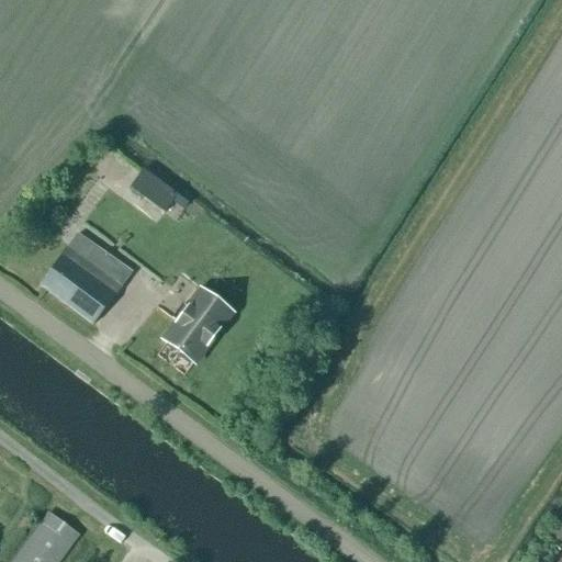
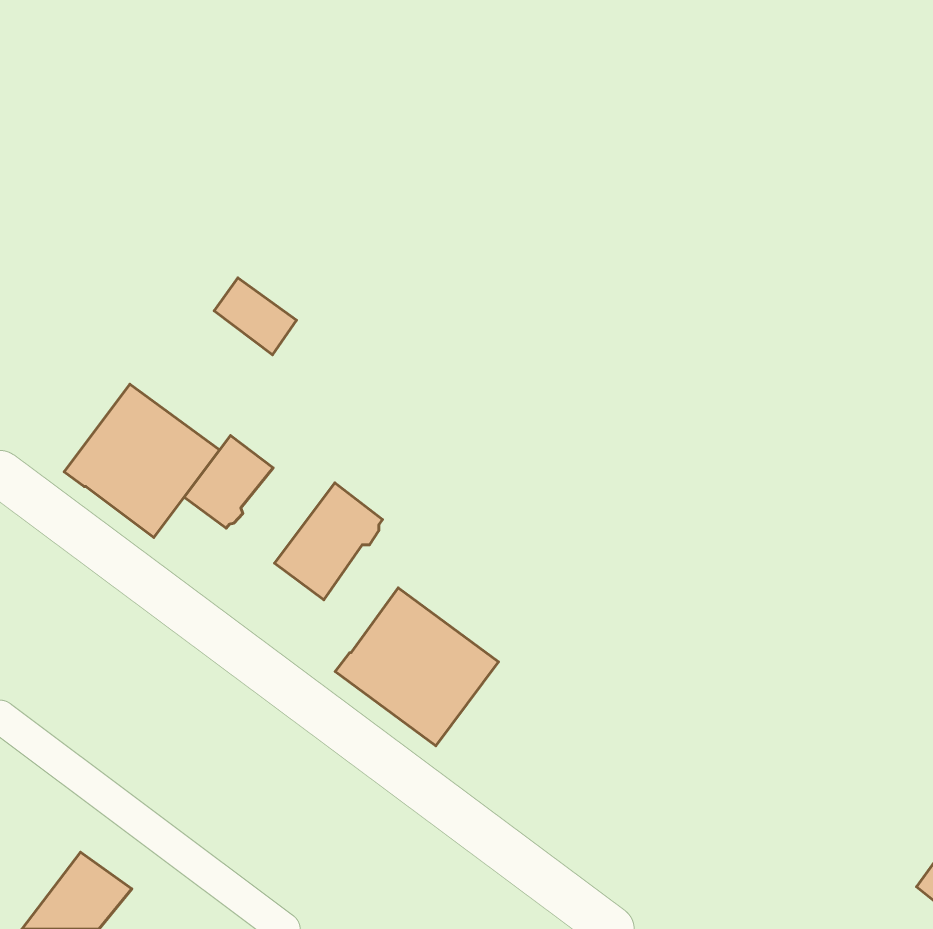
building: none -> [184,435,273,528]
building: none -> [335,588,499,746]

